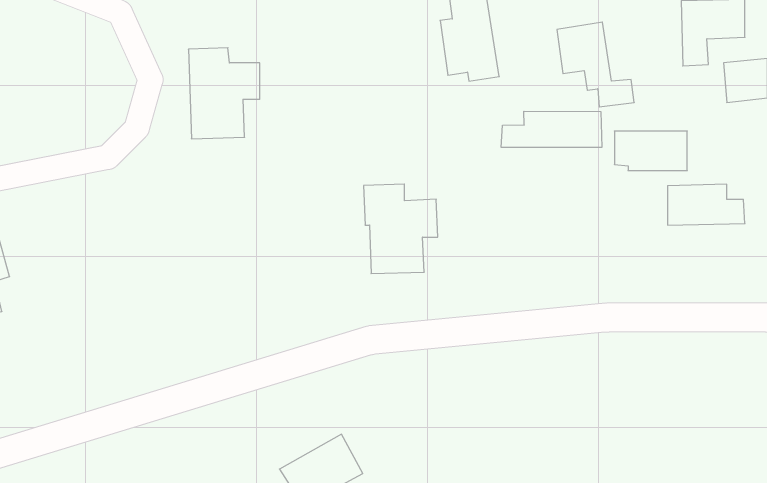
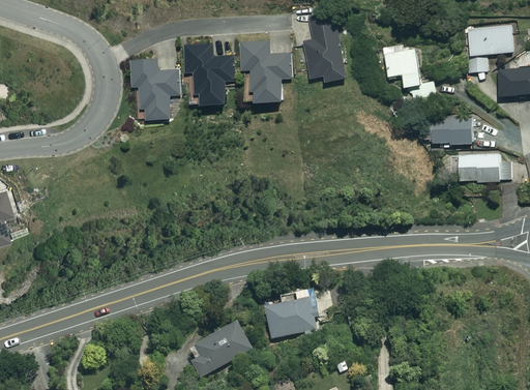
building: none -> [186,43,234,106]
building: [501,111,602,147] -> none
building: [364,184,438,274] -> [241,41,292,102]
building: none -> [265,294,315,338]

